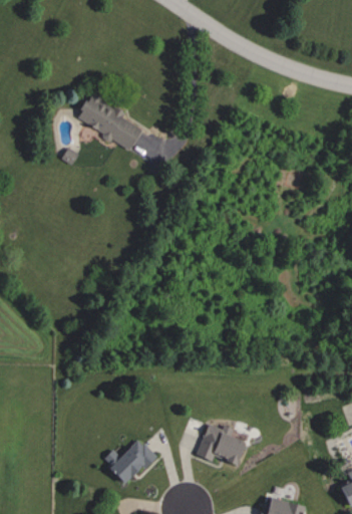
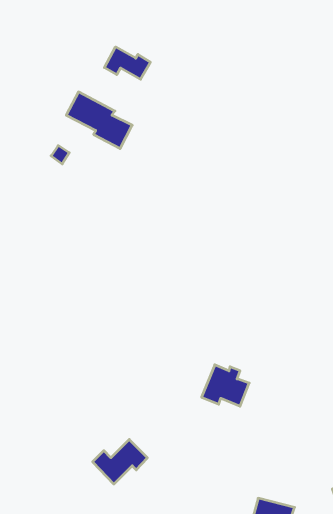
building: none -> [104,47,150,79]
building: [197,424,244,465] -> [202,365,249,406]

